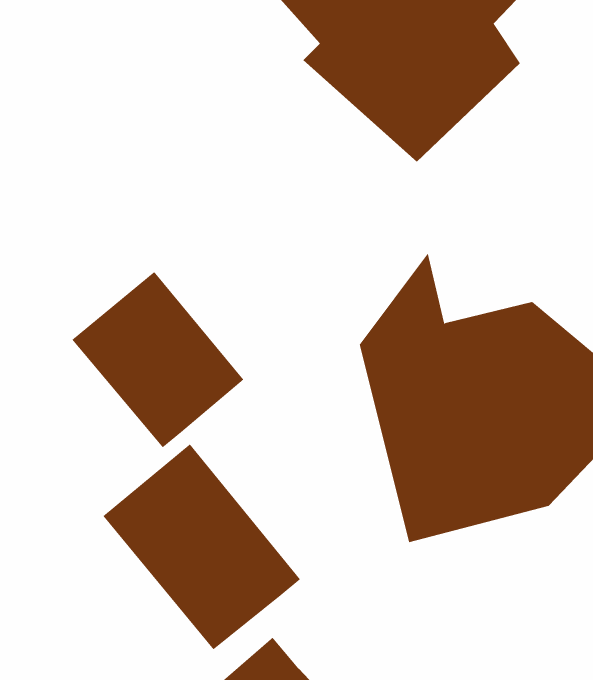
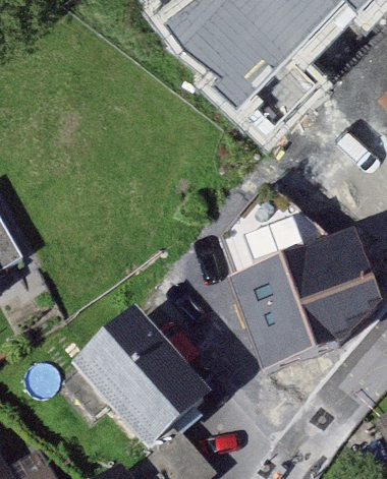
building: [71,271,244,448] -> none

